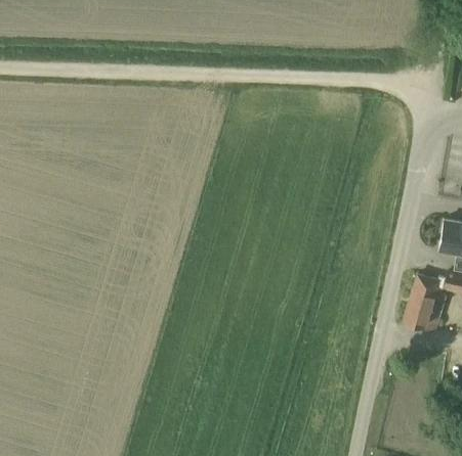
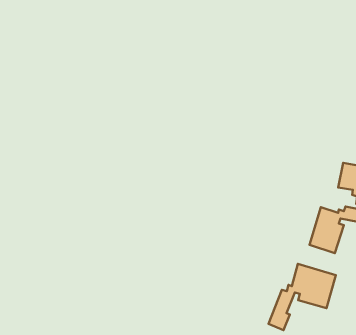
building: none -> [269,264,336,330]

